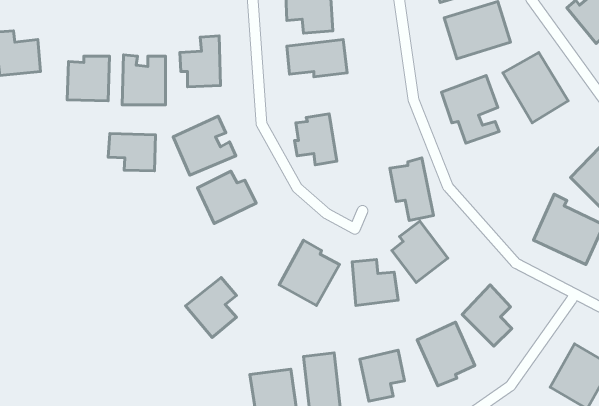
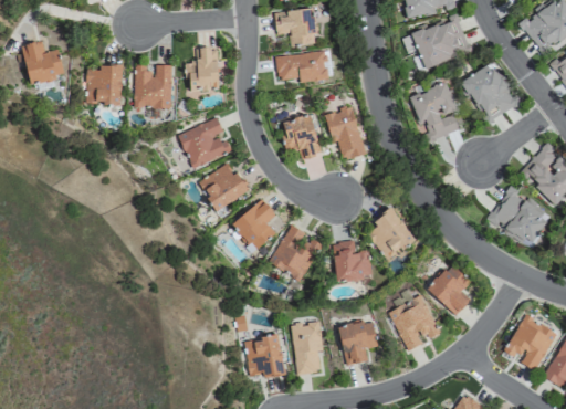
building: [108,133,155,171] -> none
building: [390,158,433,221] -> [326,105,364,159]
building: [185,278,237,338] -> [232,199,276,251]

